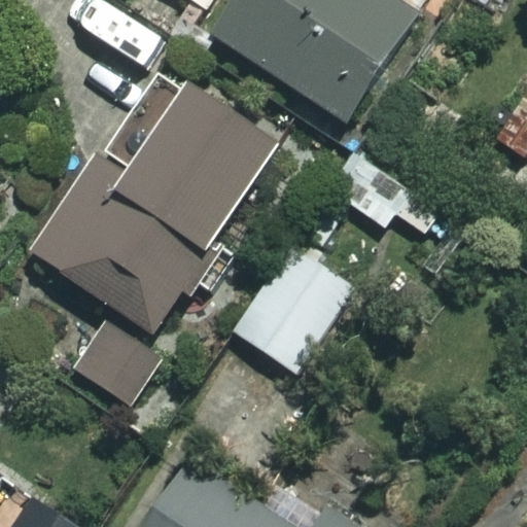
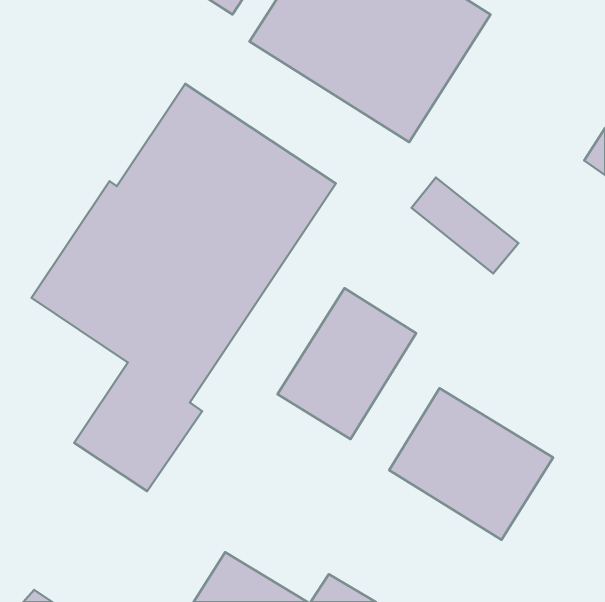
building: none -> [389,388,553,540]

